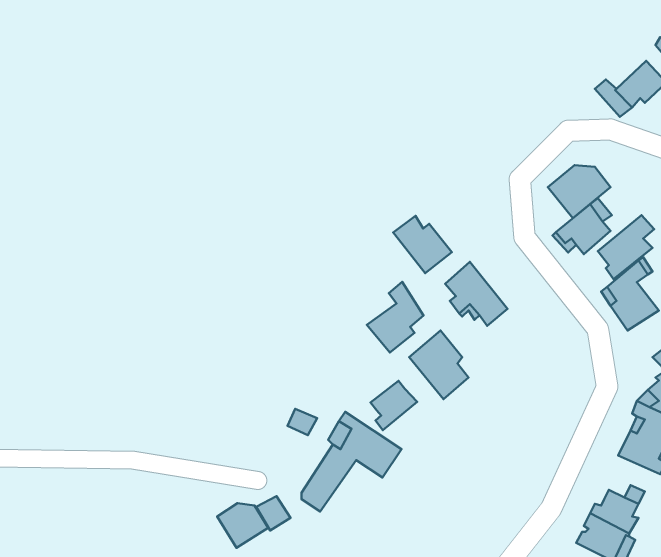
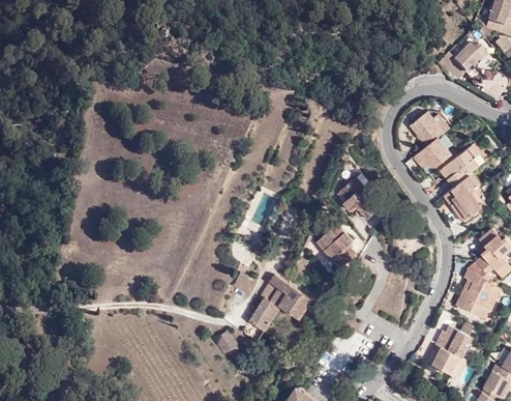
building: [393,216,452,273] -> none
building: [367,282,423,352] -> none
building: [370,381,417,430] -> none
building: [217,503,268,548] -> none

